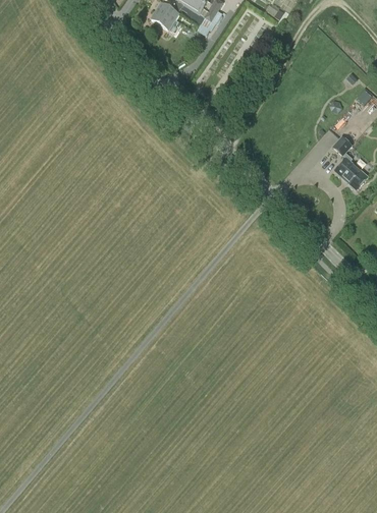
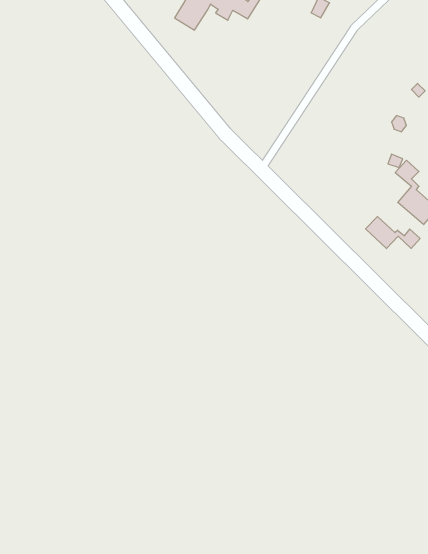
building: none -> [366,217,420,249]

